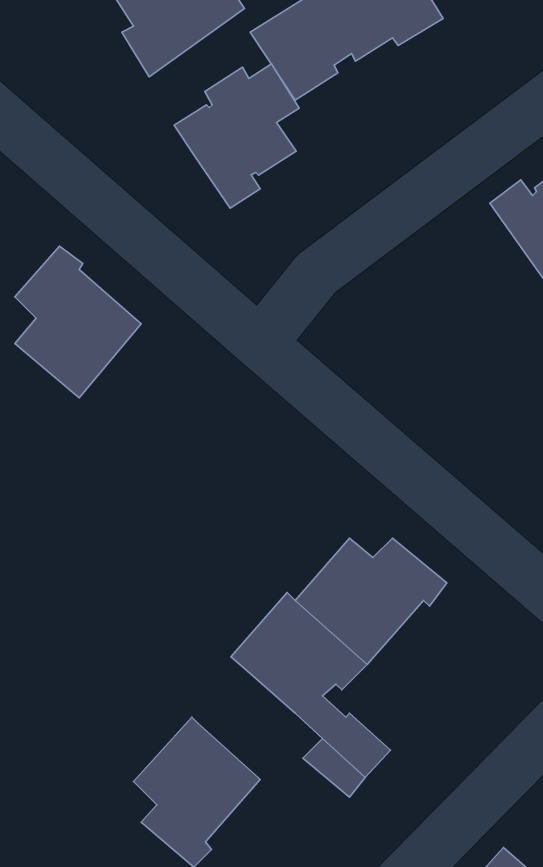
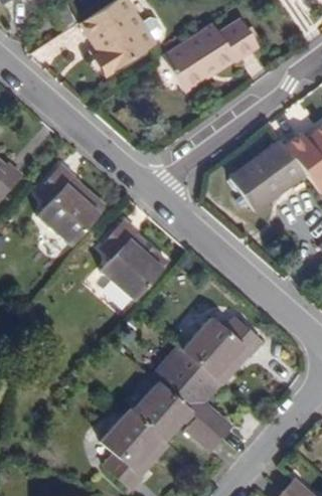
building: [174,64,299,208] -> none
building: none -> [231,141,307,213]
building: none -> [100,218,165,296]
building: none -> [134,384,184,441]

